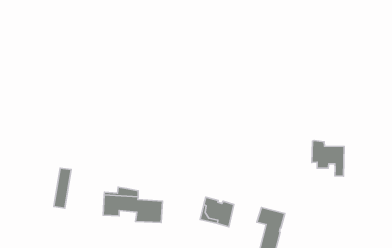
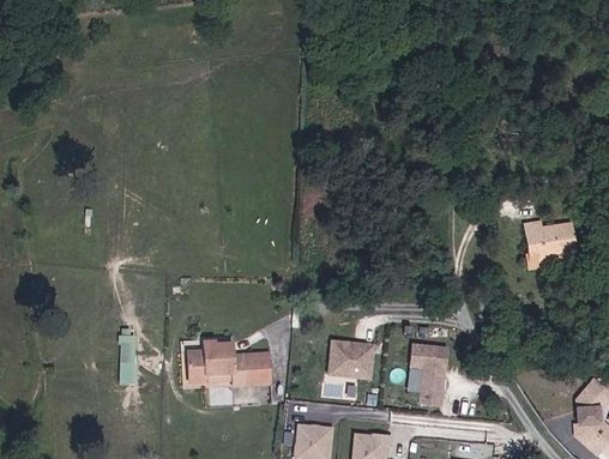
building: [312,140,344,176] -> [526,225,577,271]

